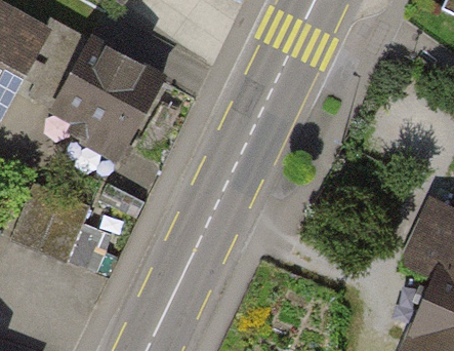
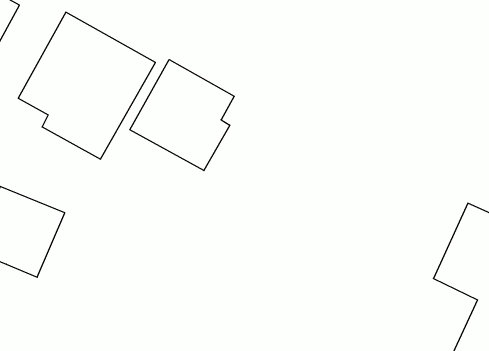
building: none -> [130,60,234,171]

